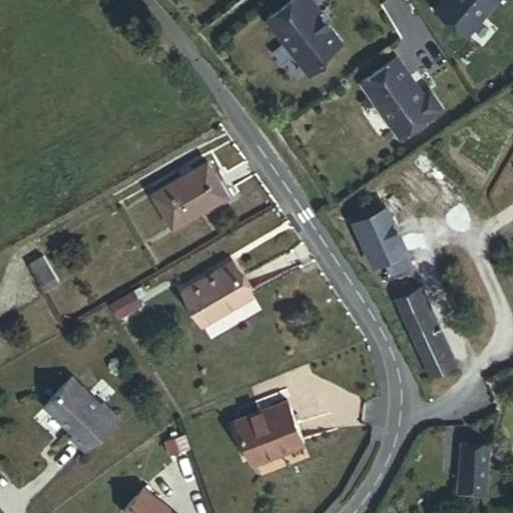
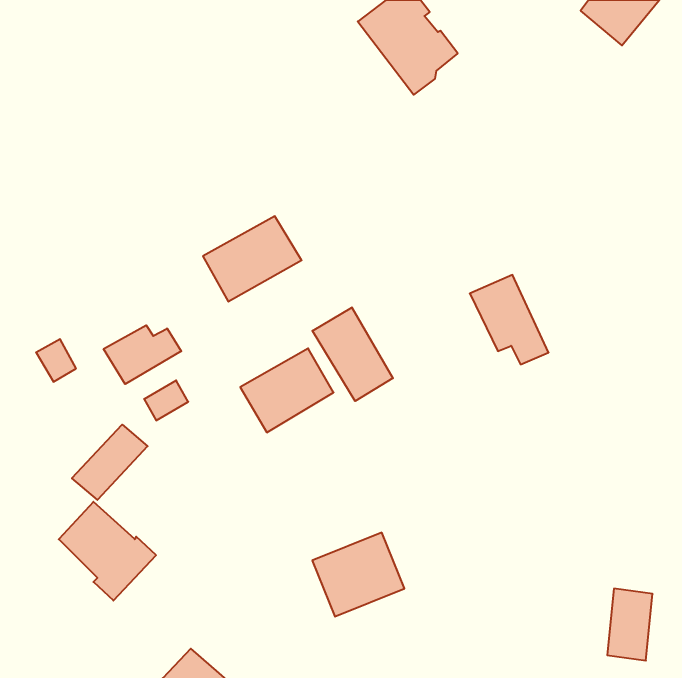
building: [364,58,443,137] -> none
building: none -> [312,307,393,401]
building: none -> [104,325,181,384]
building: [396,291,455,378] -> none
building: none -> [72,425,148,500]

